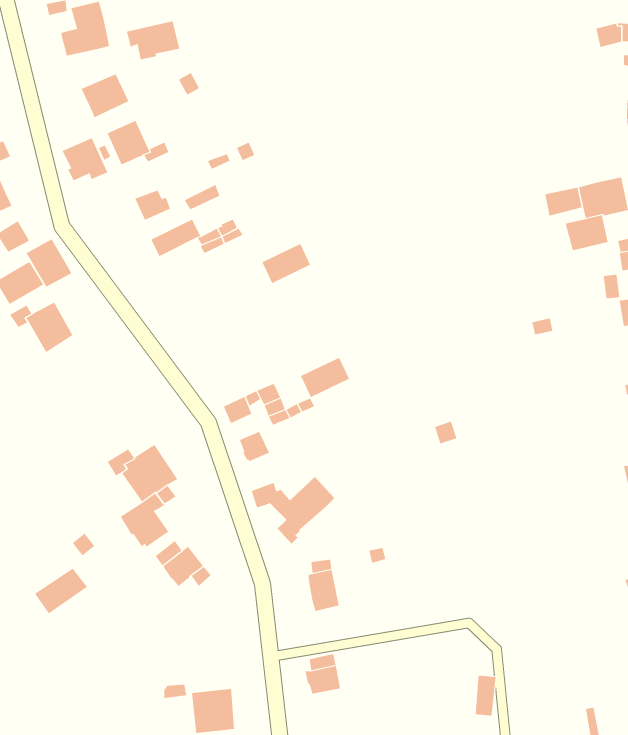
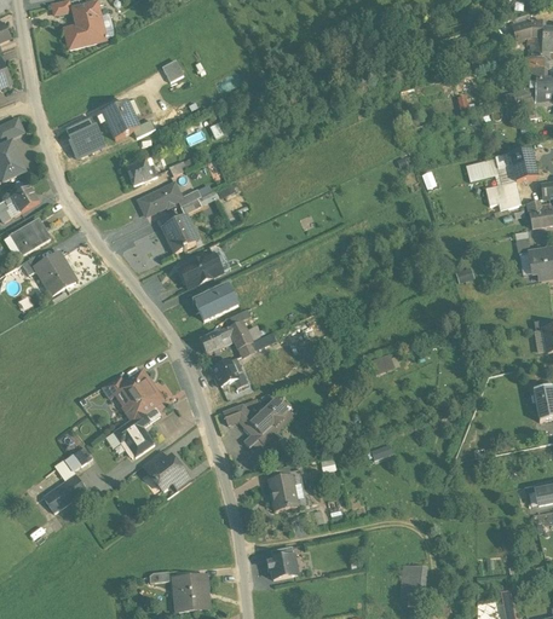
building: [126,21,180,60] -> none
building: [81,73,129,118] -> none
building: [26,239,72,288] -> none
building: [262,243,311,284] -> [179,251,220,285]
building: none -> [163,214,195,251]
building: [300,357,350,398] -> [195,284,236,318]

